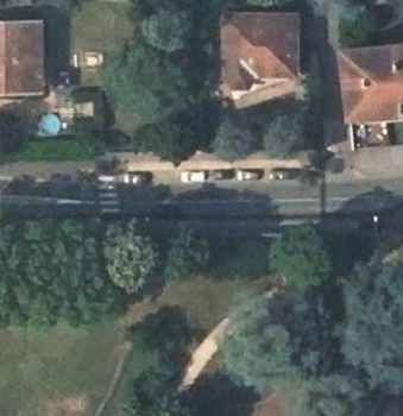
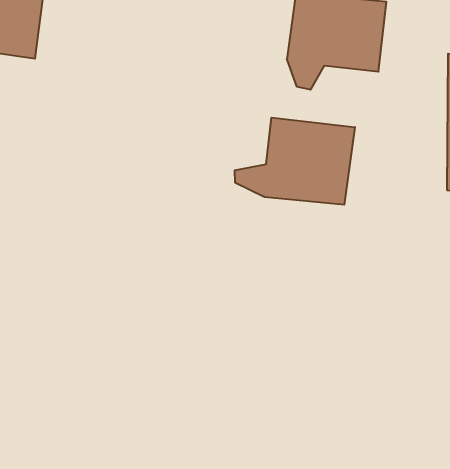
building: none -> [235,118,355,205]

